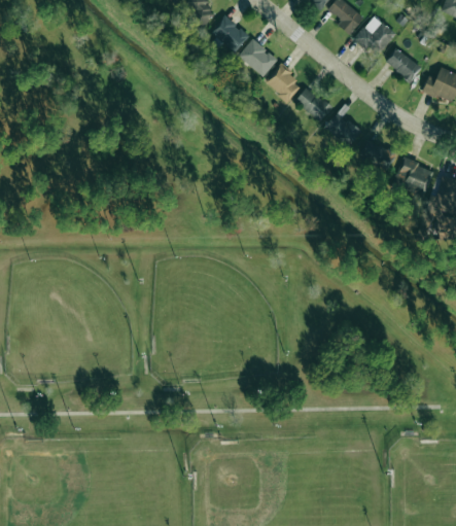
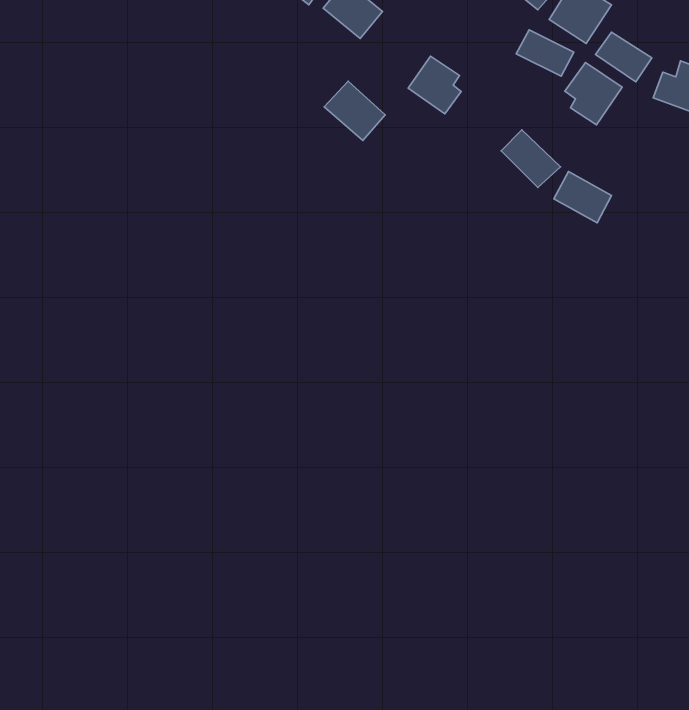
building: [239,39,278,77] -> [324,81,385,140]
building: none -> [565,62,622,125]
building: [295,90,332,119] -> [516,30,574,76]
building: [393,159,432,197] -> none

